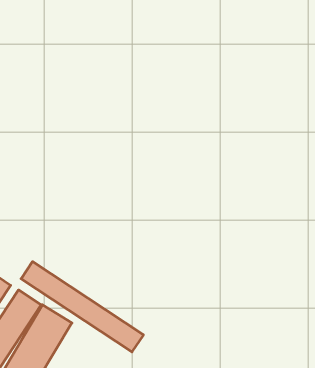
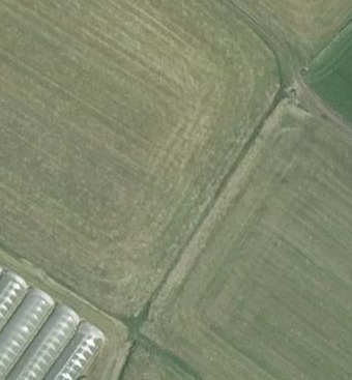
building: [21,262,143,352] -> none

